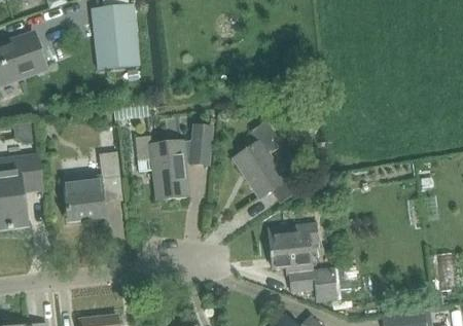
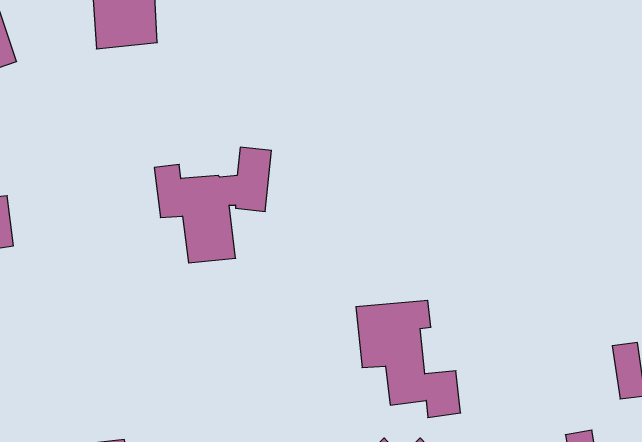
building: [234,120,306,204] -> none
building: [65,152,121,220] -> none

